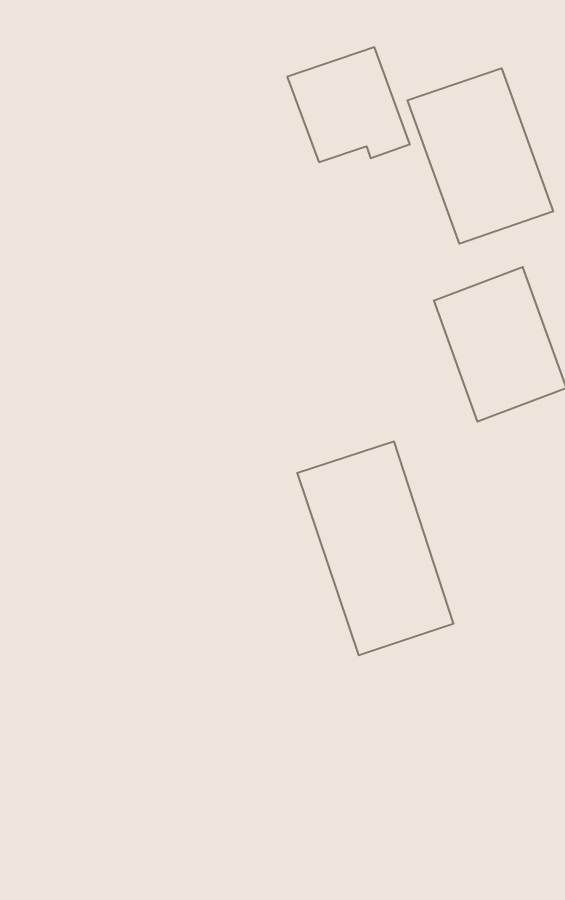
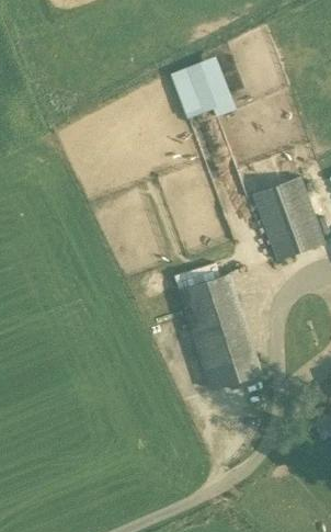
building: [408,68,553,244] -> none

